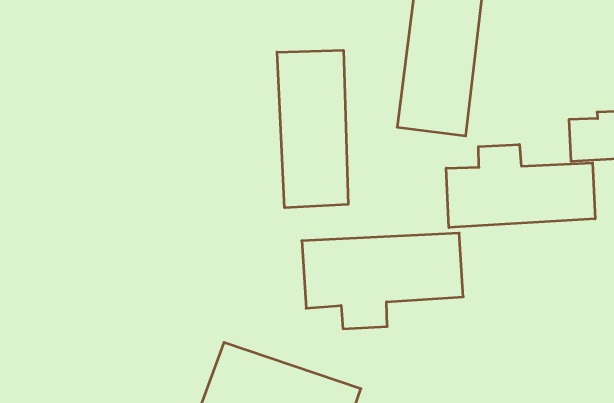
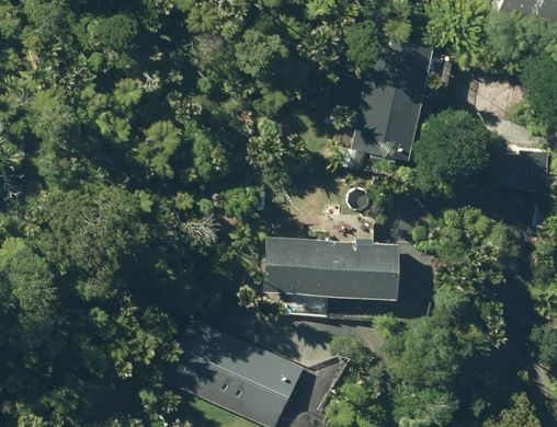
building: [277,50,348,208] -> none
building: [446,144,595,228] -> none

